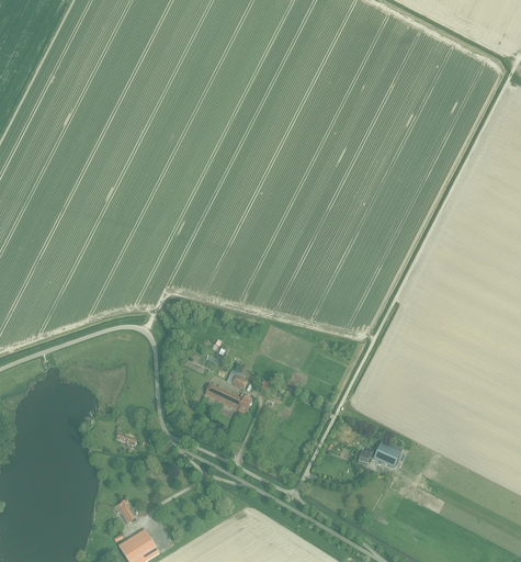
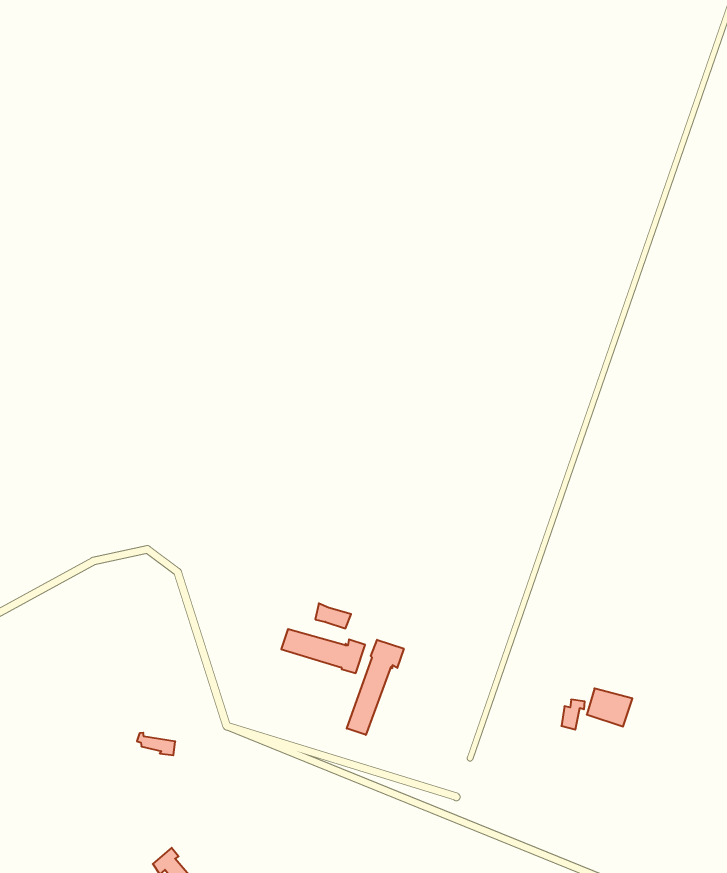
building: none -> [347,640,404,735]

